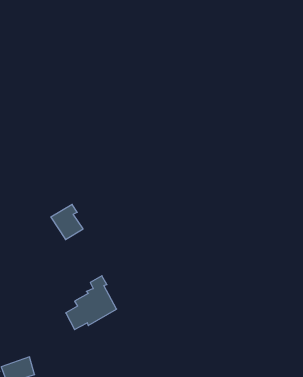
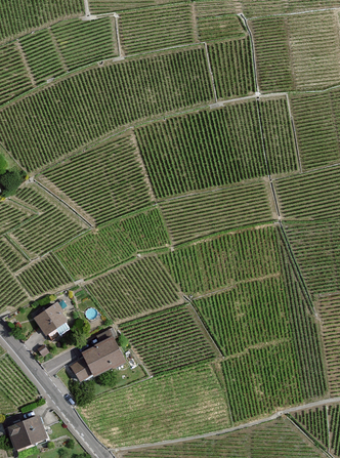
building: [51,204,83,240] -> [36,304,70,341]

